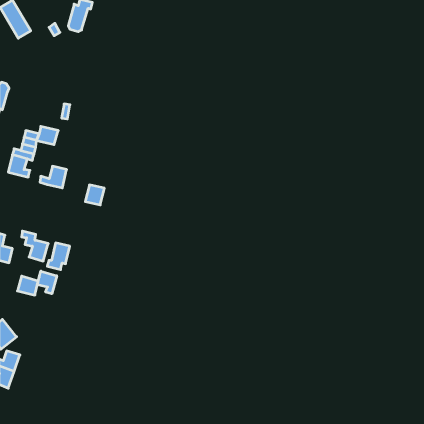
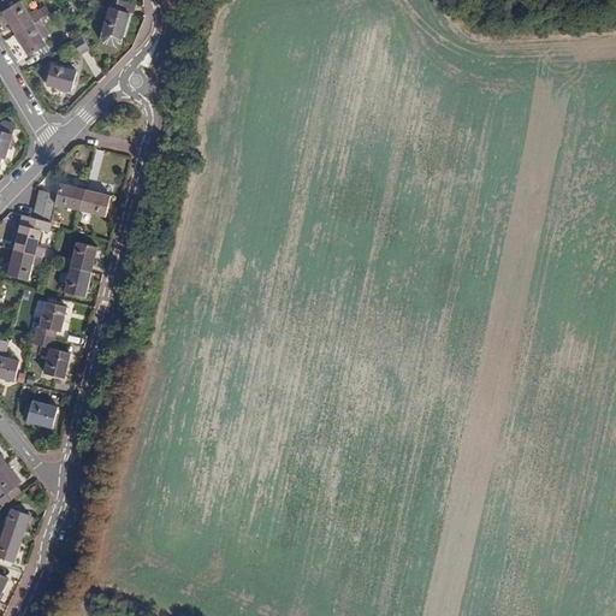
building: none -> [45,64,75,91]
building: none -> [78,189,109,215]
building: none -> [6,249,41,279]
building: [85,185,104,205] -> [63,267,90,296]
building: [47,243,70,270] -> [32,301,65,339]
building: [37,271,57,294] -> none

